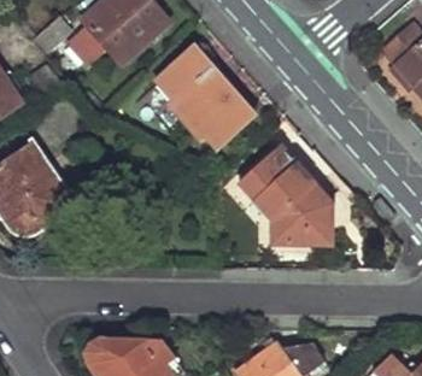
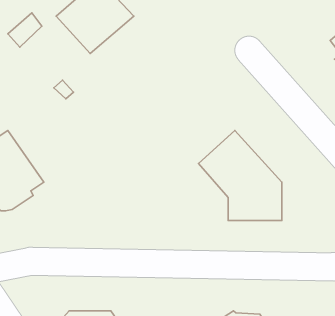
building: [160,49,252,147] -> none

